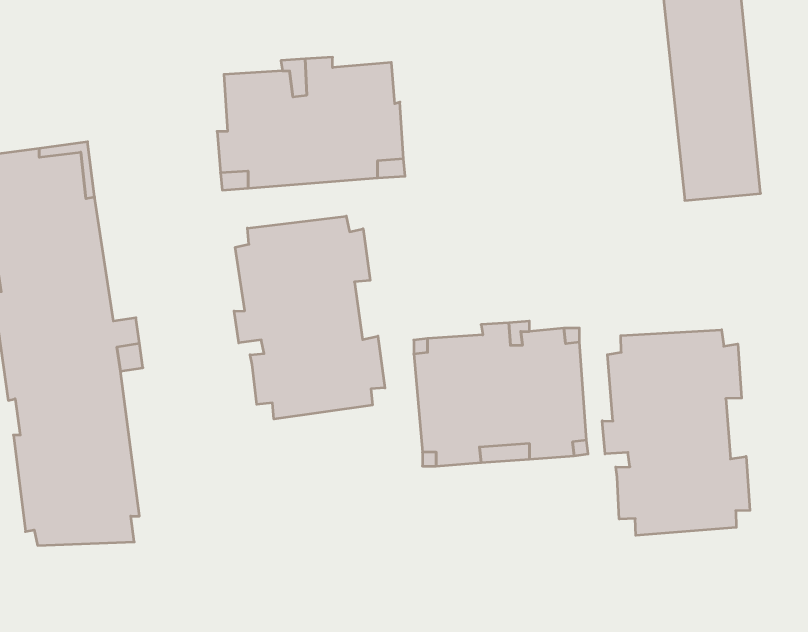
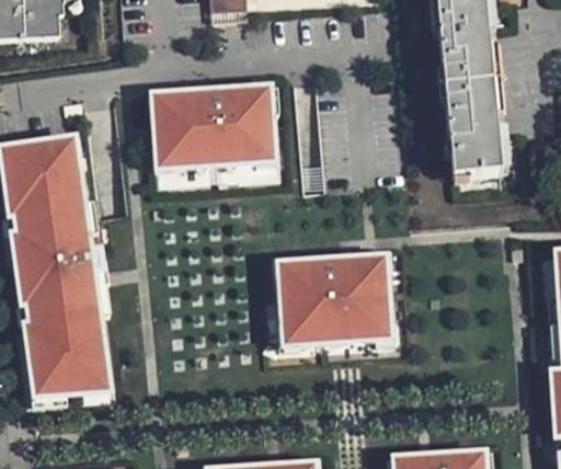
building: [234,216,385,419] -> none
building: [602,330,750,535] -> none

